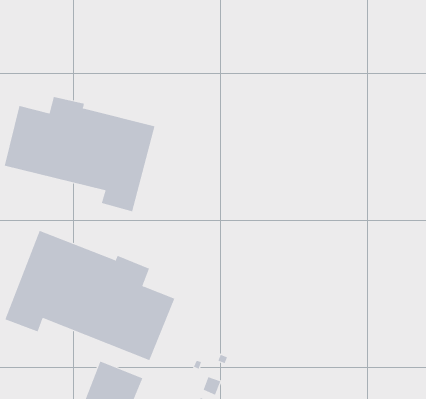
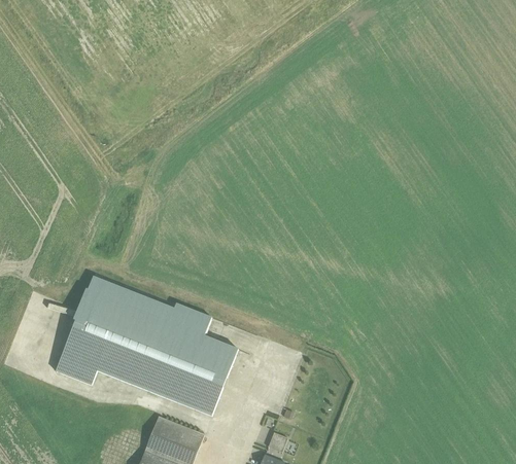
building: [4,96,155,212] -> none

